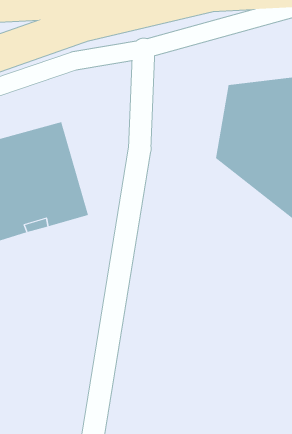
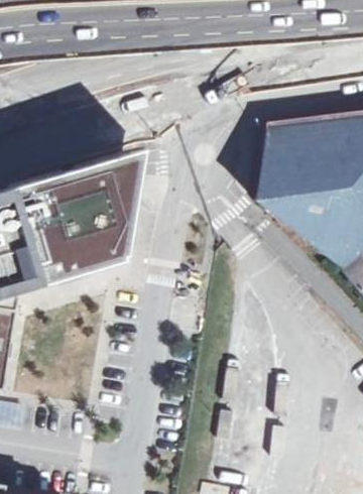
building: none -> [95,148,142,259]

